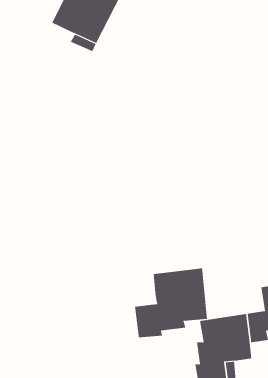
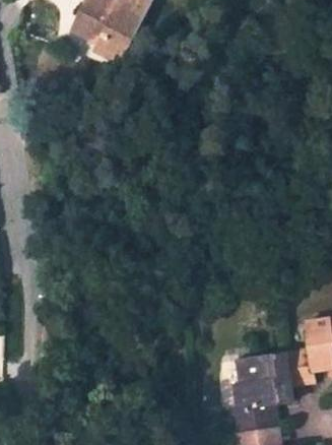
building: [134,267,207,338] -> none

